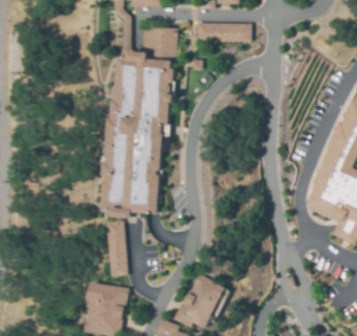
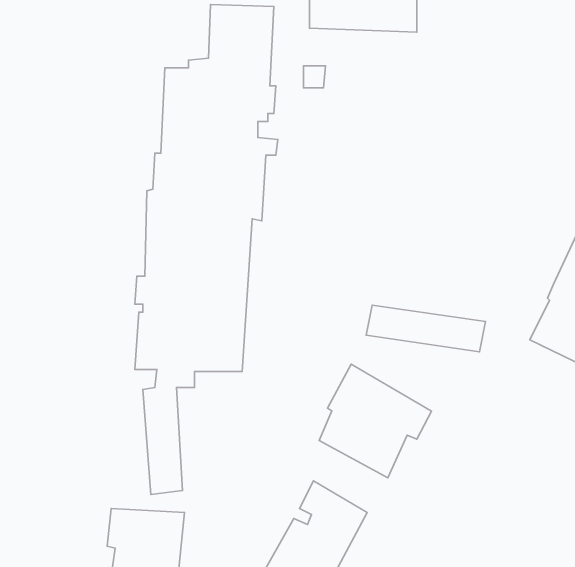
building: none -> [366,305,485,352]
building: none -> [319,364,432,478]

